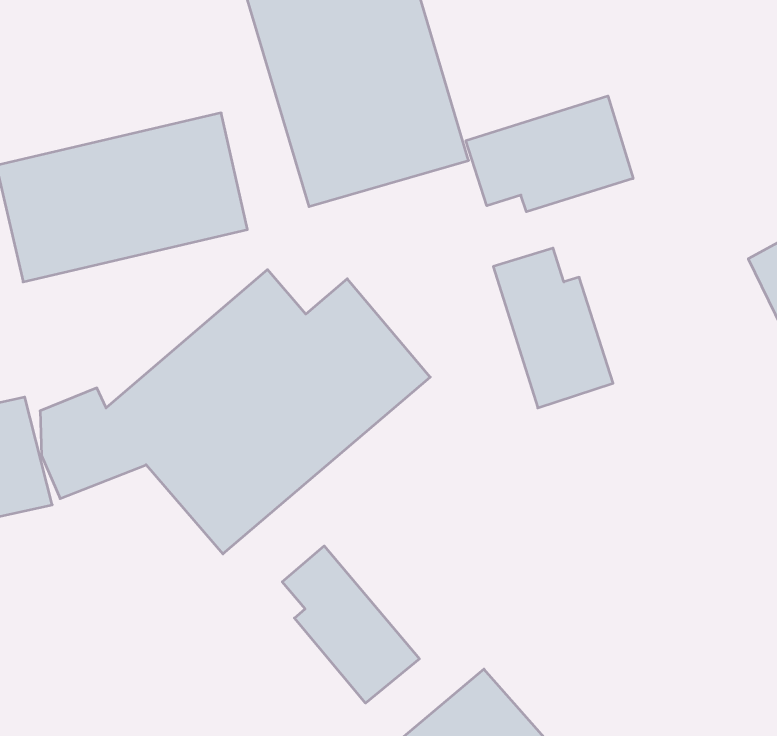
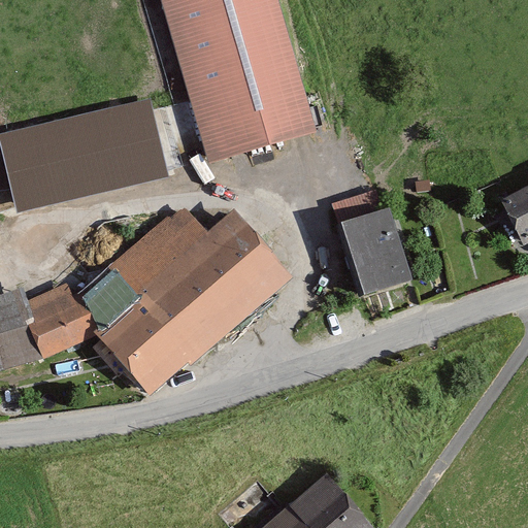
building: [466,96,633,212] -> none
building: [282,546,419,703] -> none

